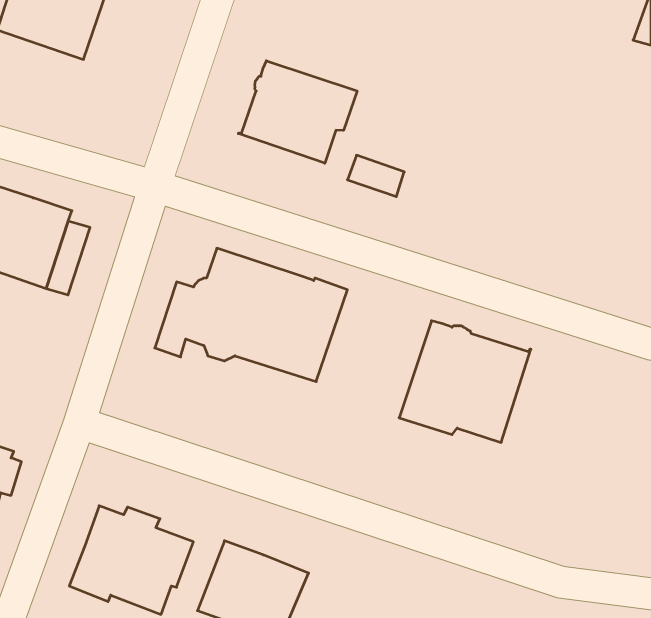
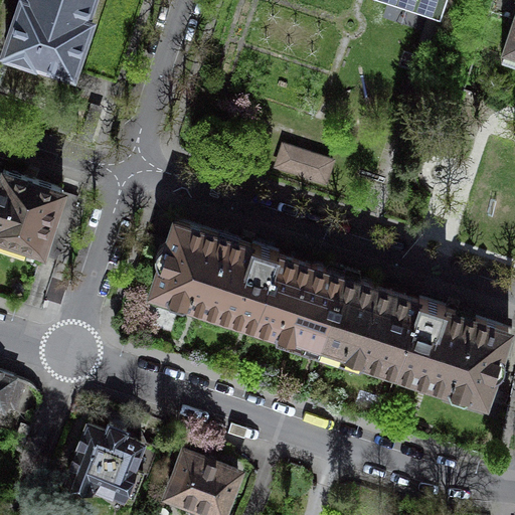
building: [238,61,357,163] -> none
building: none -> [253,254,343,354]
building: none -> [397,301,508,402]

